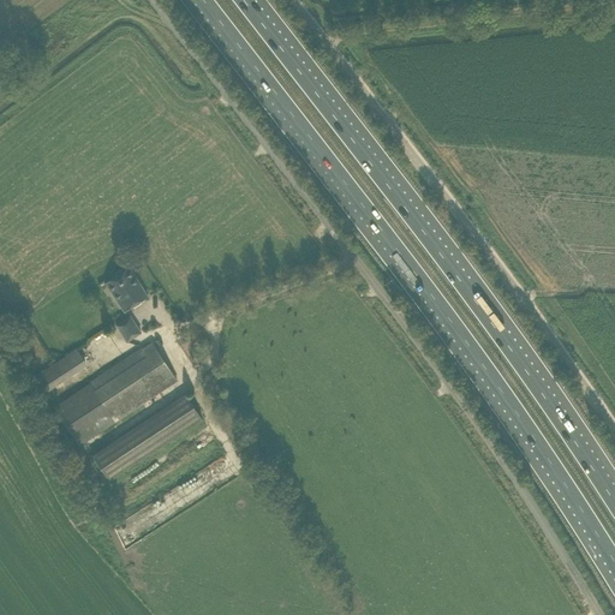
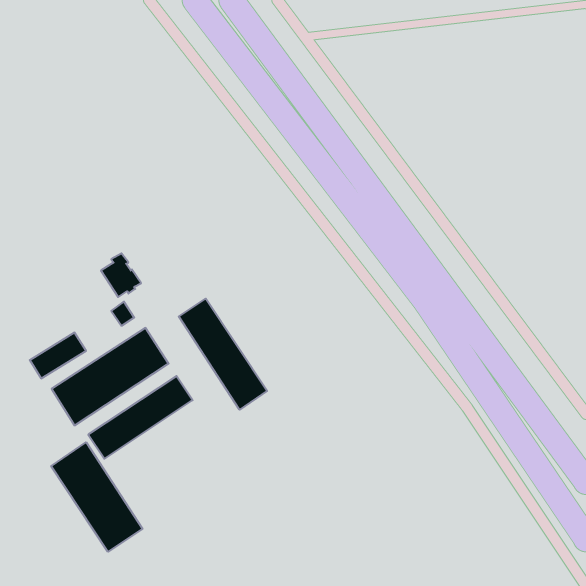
building: none -> [179,299,267,410]
building: none -> [51,442,142,552]

